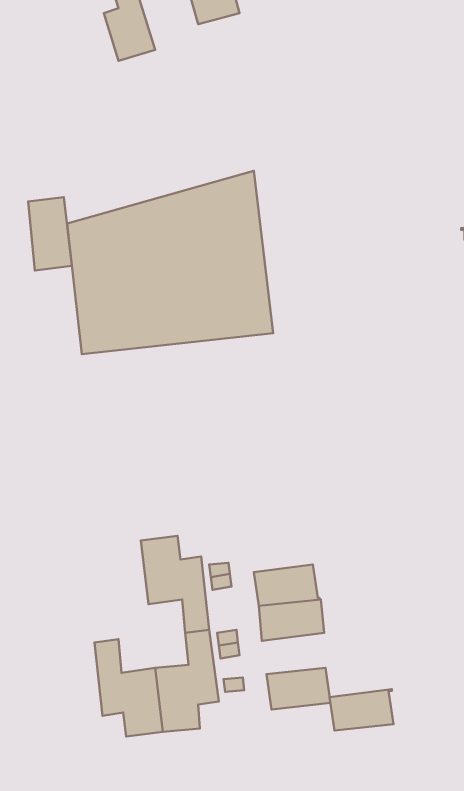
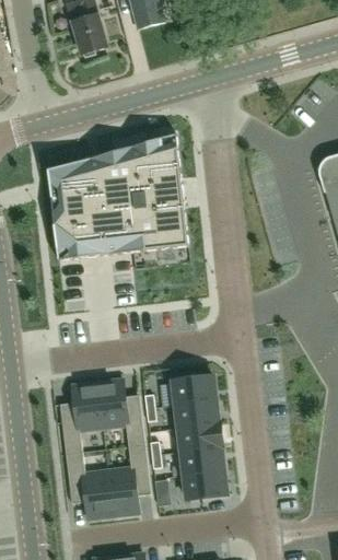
building: [28,197,72,271] -> none
building: none -> [174,376,217,406]
building: none -> [60,384,104,454]
building: [330,689,393,731] -> [182,447,225,476]

